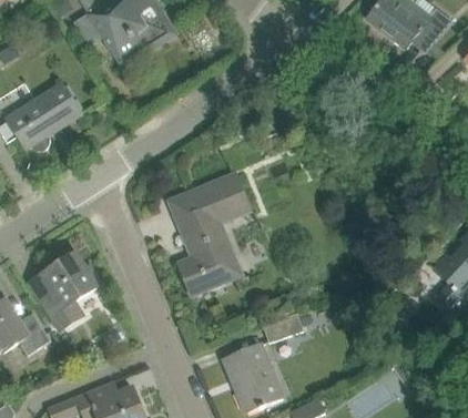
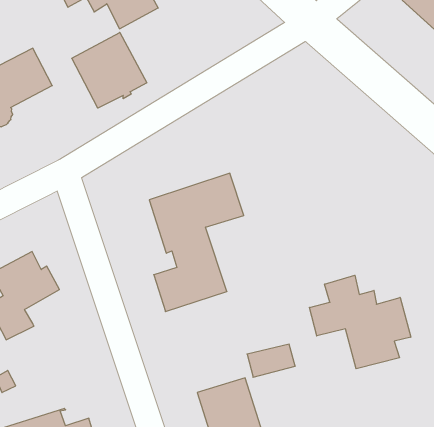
building: none -> [72,32,147,108]
building: none -> [309,275,411,369]

